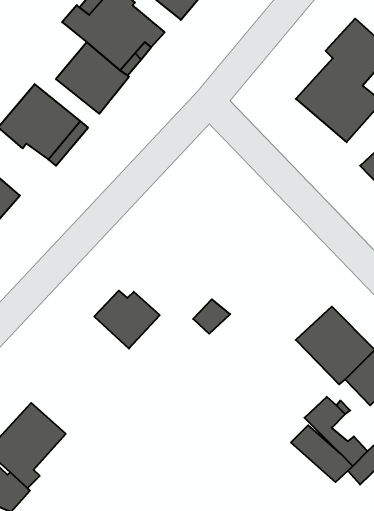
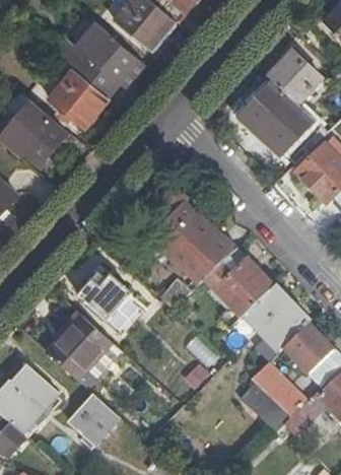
building: none -> [153,183,222,271]
building: none -> [205,248,274,327]
building: none -> [49,314,121,379]
building: none -> [69,394,119,444]

